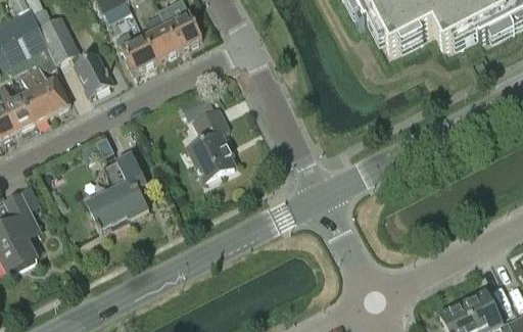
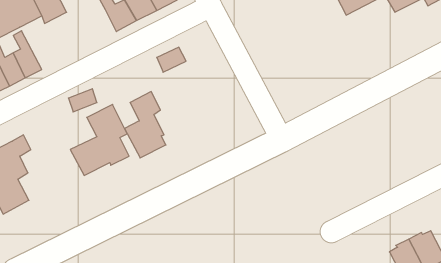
building: [69,50,111,92] -> none
building: [28,52,69,111] -> none
building: [188,105,234,179] -> [124,92,166,158]

